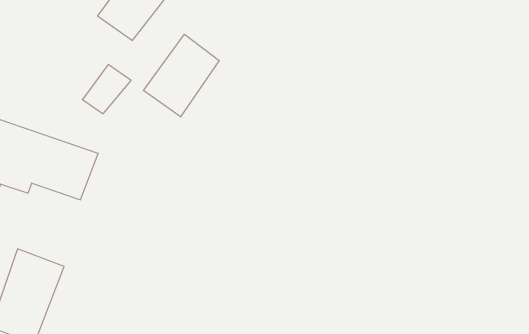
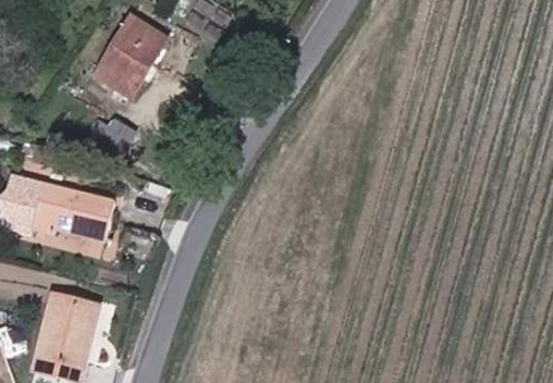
building: [143,34,219,117] -> none

